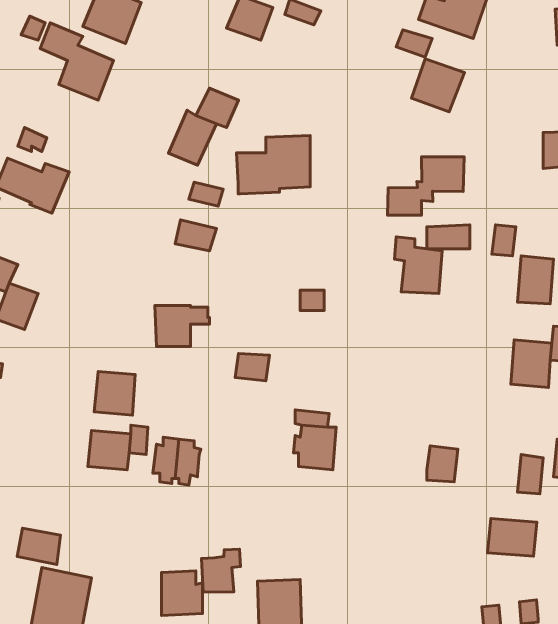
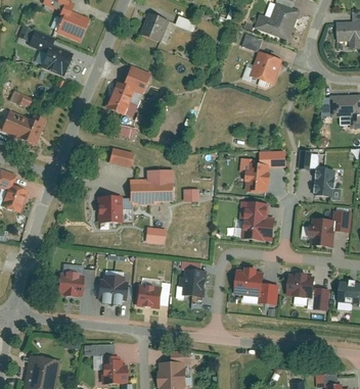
building: [237,136,310,194] -> [128,171,172,205]
building: [387,157,464,215] -> none
building: none -> [239,200,276,241]
building: [94,372,135,415] -> none
building: none -> [233,268,263,296]
building: none -> [136,285,162,308]
building: [487,519,537,556] -> [285,274,315,296]
building: [17,528,61,564] -> none
building: [202,549,240,592] -> none

